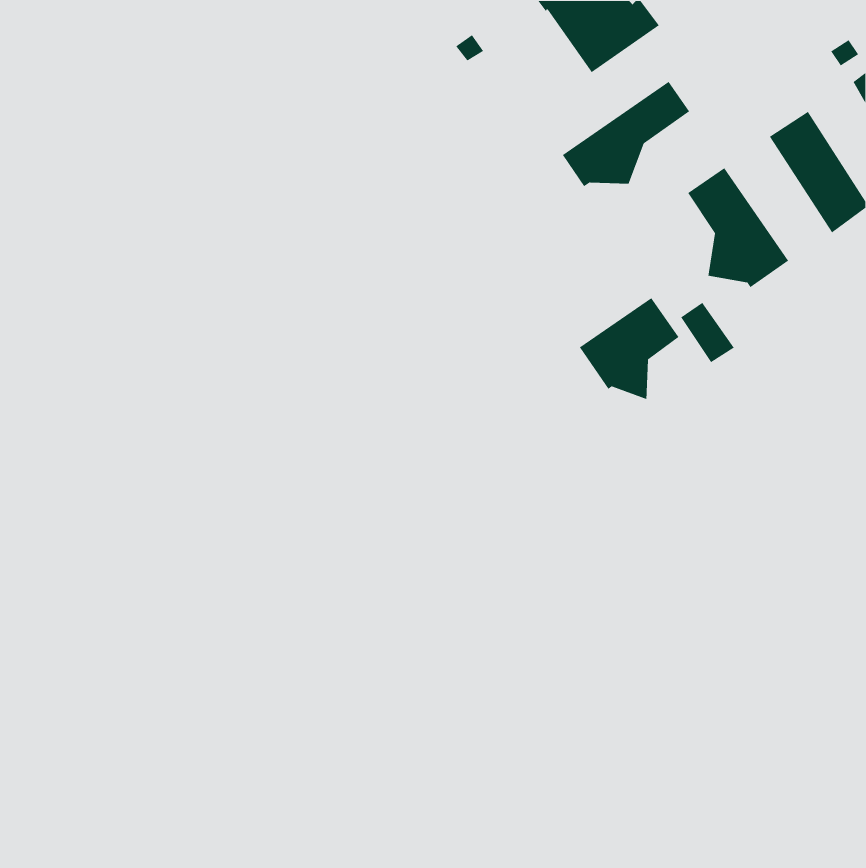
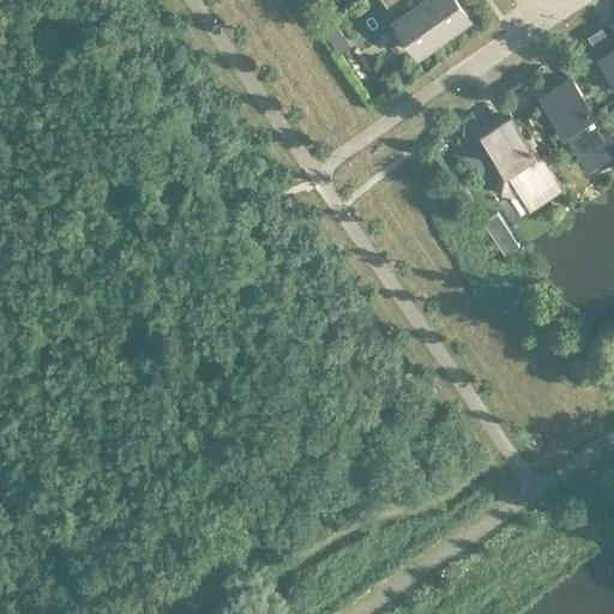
building: [562,81,690,187] -> none
building: [579,297,680,400] -> none

